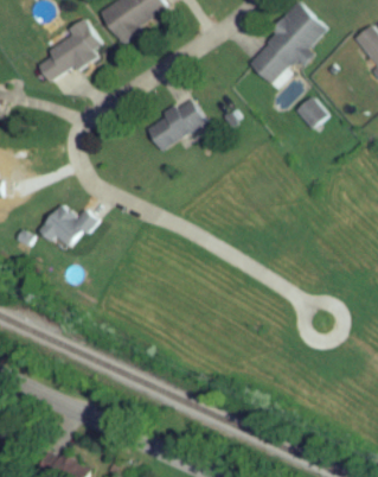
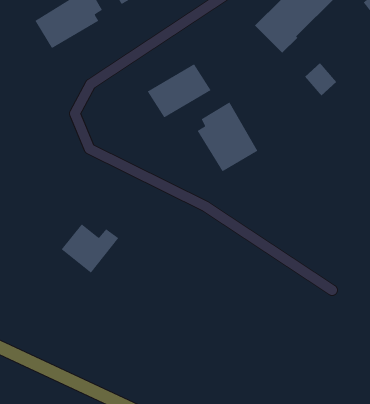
building: none -> [197,101,258,172]
building: [39,204,96,253] -> [61,224,119,274]

